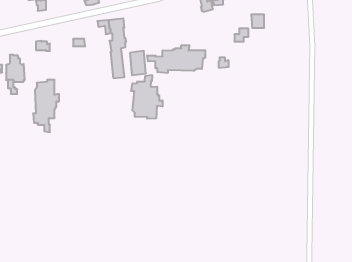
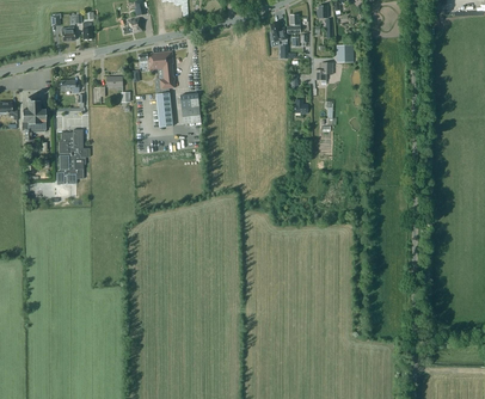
building: [147,45,205,73] -> none
building: [131,75,163,119] -> none

